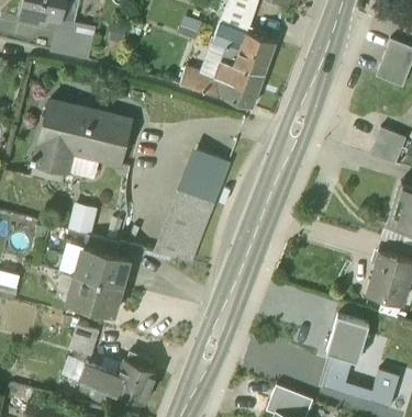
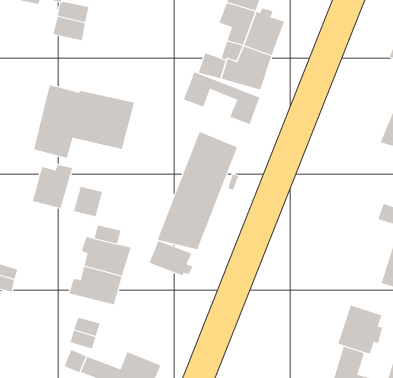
building: none -> [183,72,260,125]
building: none -> [32,164,73,209]
building: none -> [149,240,193,276]

